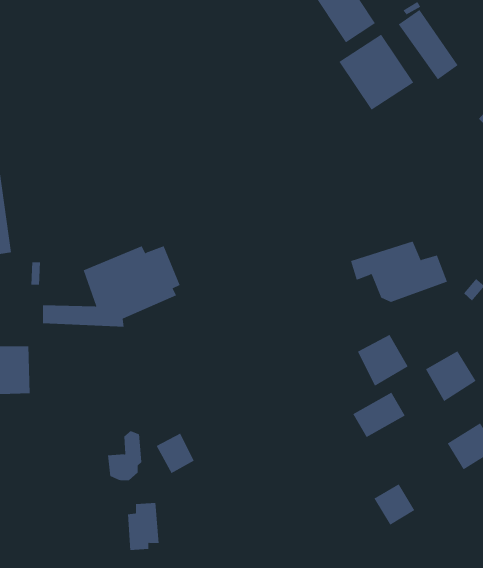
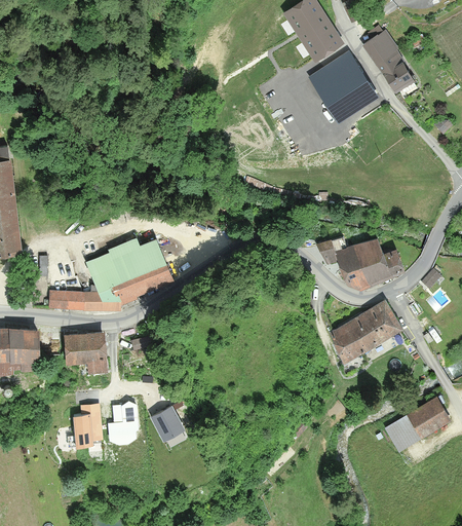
building: [425,350,476,402] -> [356,301,401,346]
building: none -> [64,333,107,372]
building: [353,392,405,438] -> none
building: [373,484,415,525] -> [384,414,421,451]
building: [127,503,160,550] -> [73,404,102,446]

